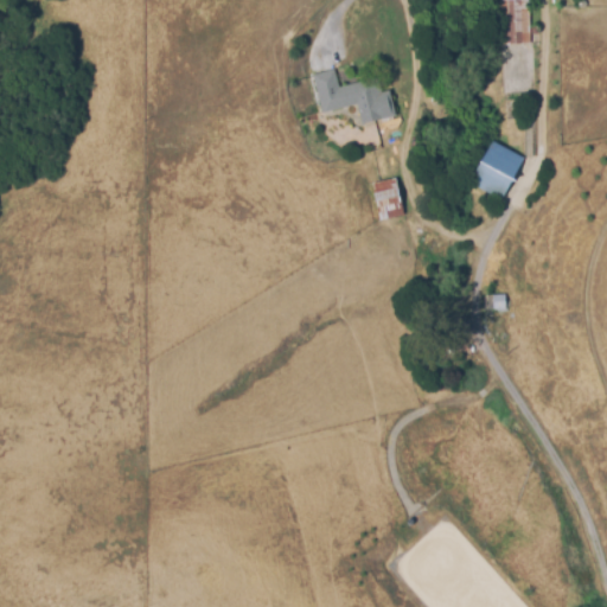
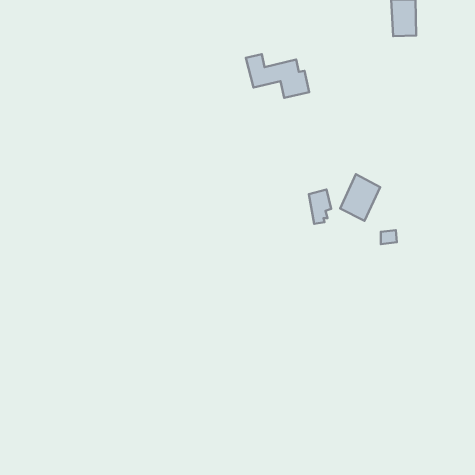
building: [472,139,523,198] -> [340,174,380,221]
building: [372,177,401,221] -> [309,189,331,224]

